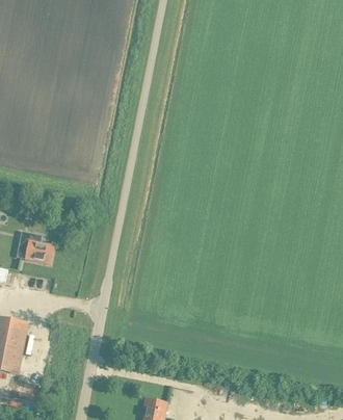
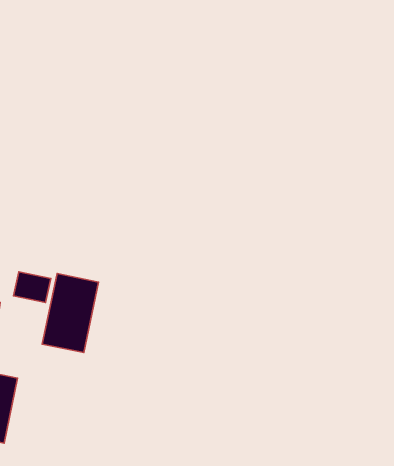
building: none -> [42,274,98,353]

